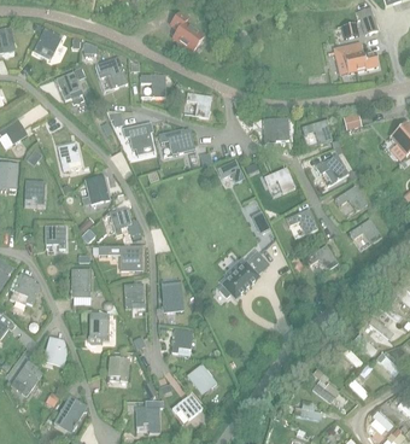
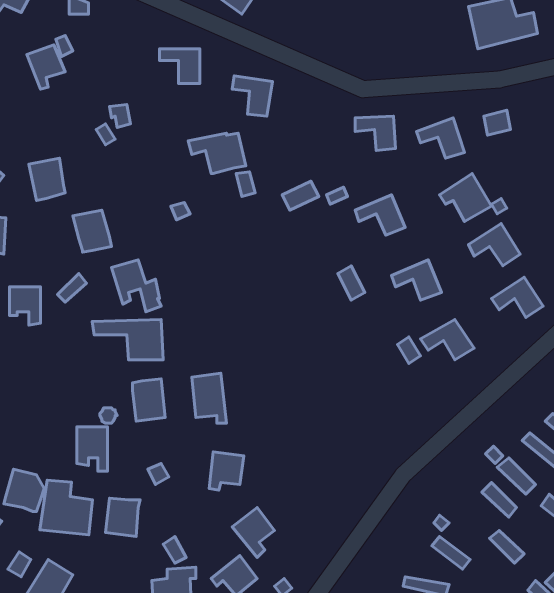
building: [94,56,127,87] -> none
building: [123,122,152,148] -> none
building: [218,251,269,299] -> none
building: [71,268,89,297] -> none
building: none -> [40,480,93,535]

